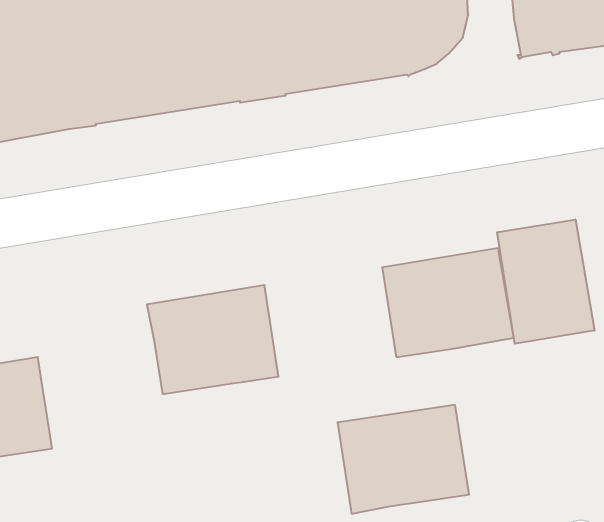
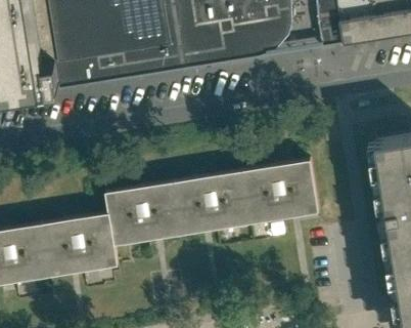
building: [497,219,595,344] -> none
building: none -> [40,213,117,277]
building: [337,405,469,514] -> [172,171,248,235]

